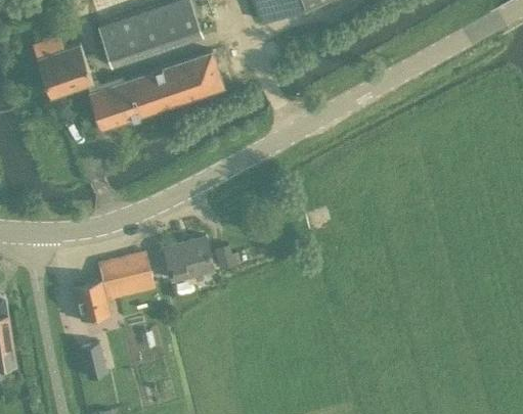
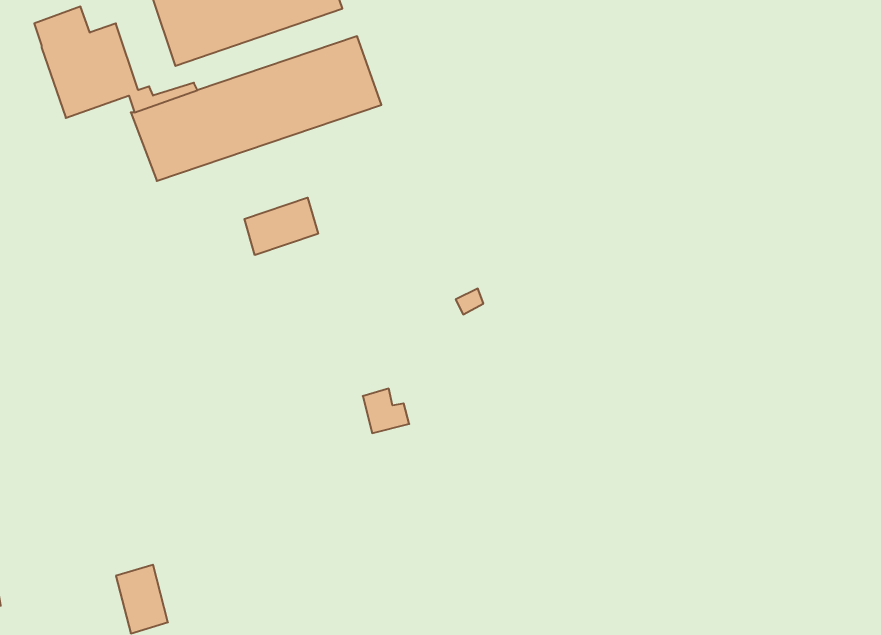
building: none -> [244,198,318,255]
building: [164,237,214,281] -> none
building: [73,252,155,319] -> none

